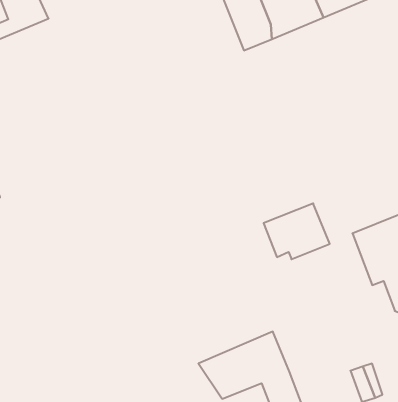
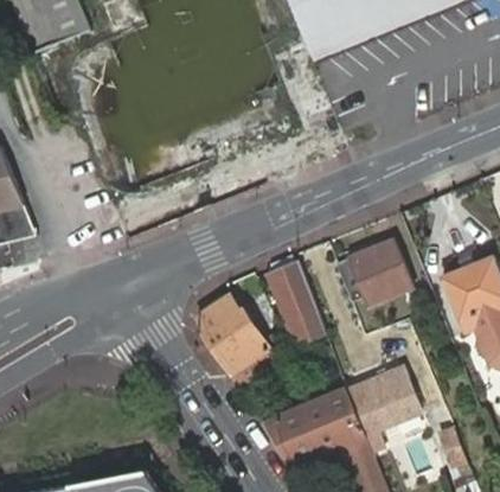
building: none -> [265,254,319,333]
building: none -> [197,292,277,388]
building: none -> [347,365,419,434]

